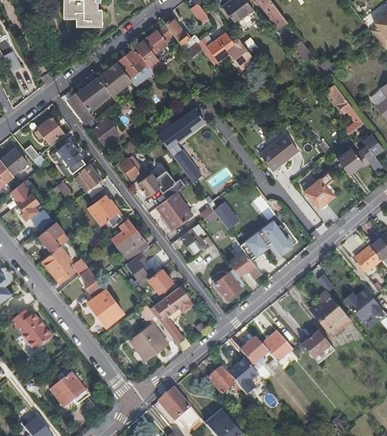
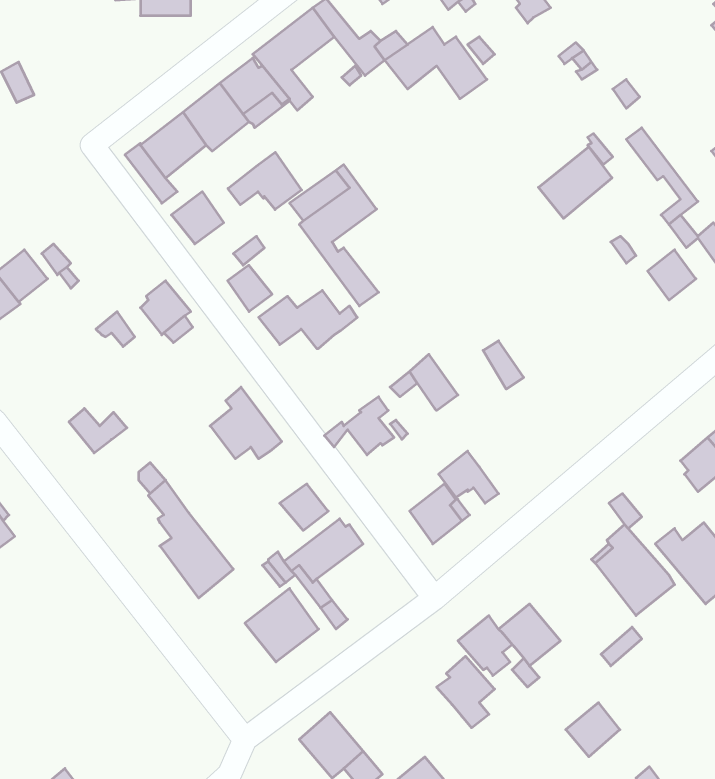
building: none -> [228,152,302,210]
building: [37,116,63,143] -> none
building: [259,133,297,170] -> [538,147,612,218]
building: [53,140,86,176] -> none
building: [303,172,334,208] -> none
building: [17,183,51,228] -> none
building: [155,191,192,229] -> none
building: [87,194,124,226] -> none
building: [239,220,291,259] -> none
building: [42,245,74,283] -> none
building: [126,251,154,286] -> none
building: [10,309,52,350] -> none
building: [301,328,329,356] -> [566,703,620,757]
building: [206,365,236,394] -> none
building: [49,371,89,406] -> none

